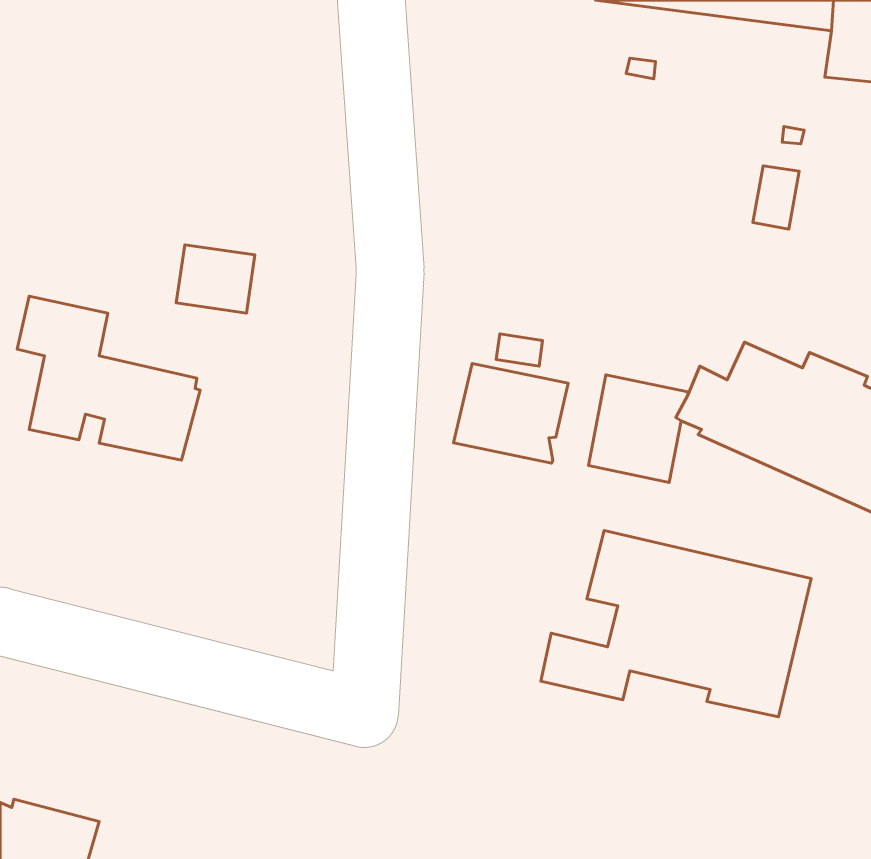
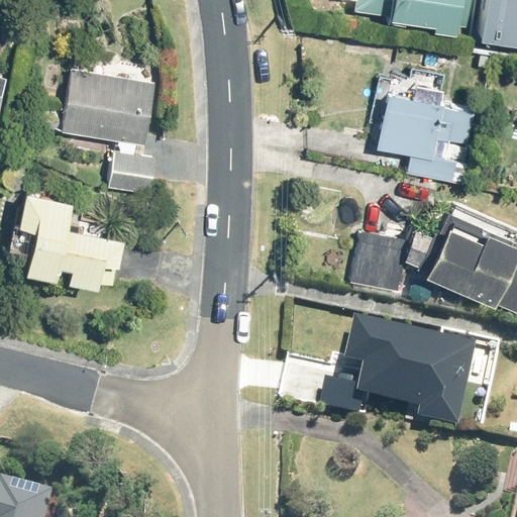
building: none -> [60,68,150,142]
building: none -> [374,89,449,178]
building: [453,364,568,463] -> none

